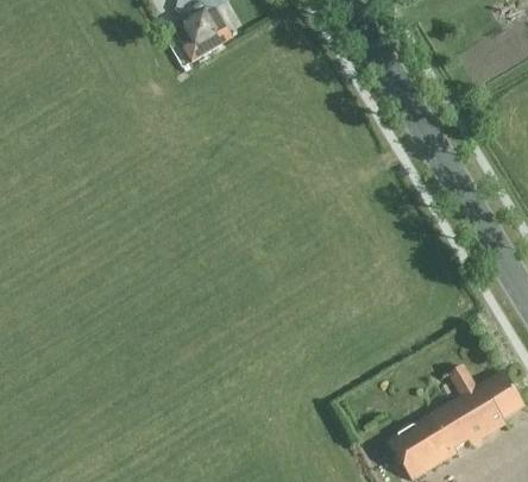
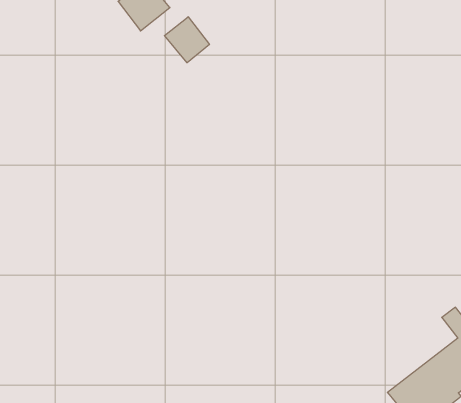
building: none -> [164,17,209,63]

